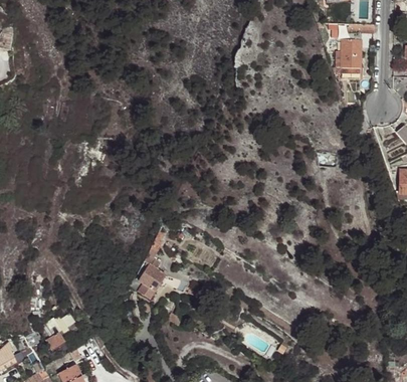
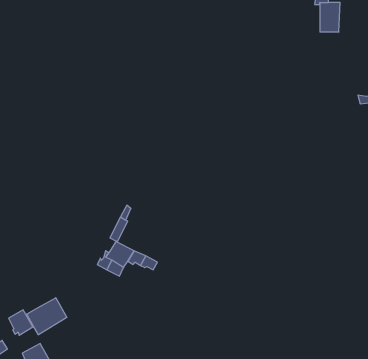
building: none -> [27,298,67,335]

